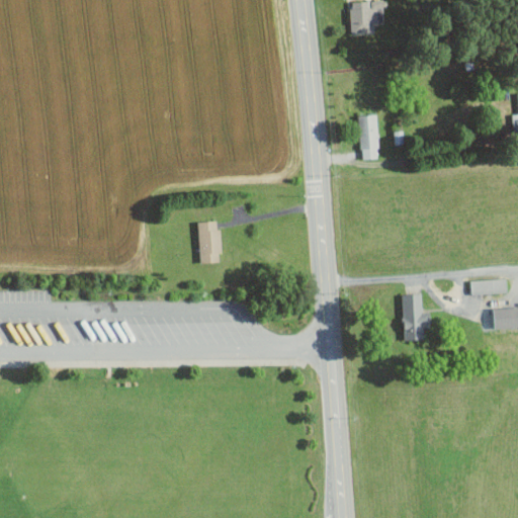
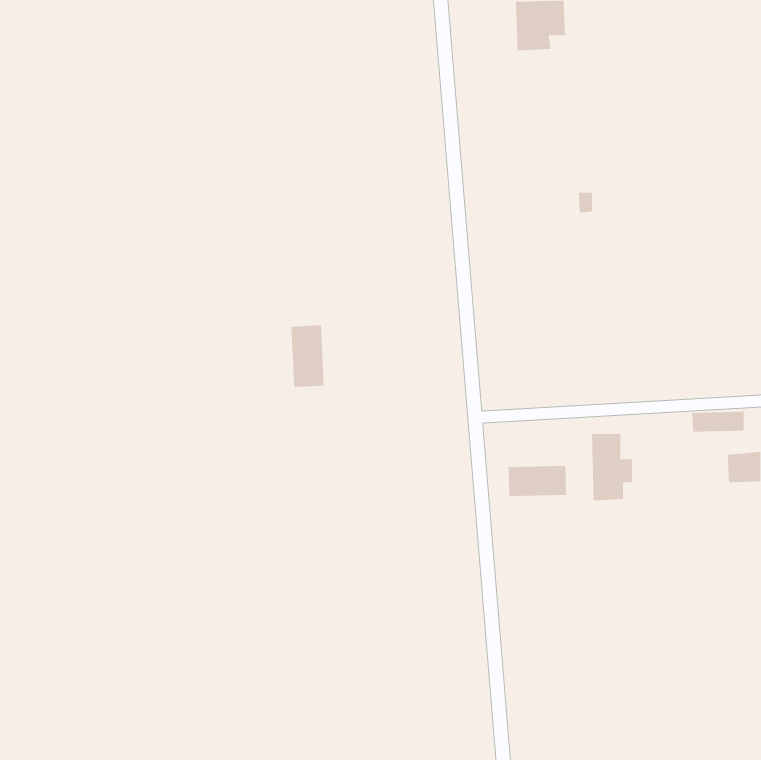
building: [358,115,378,160] -> none
building: none -> [508,465,567,497]

